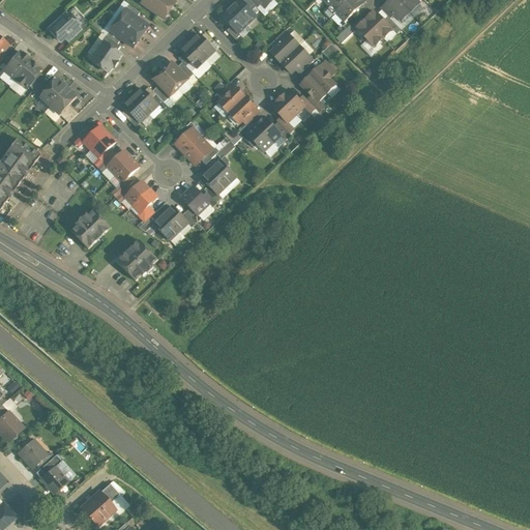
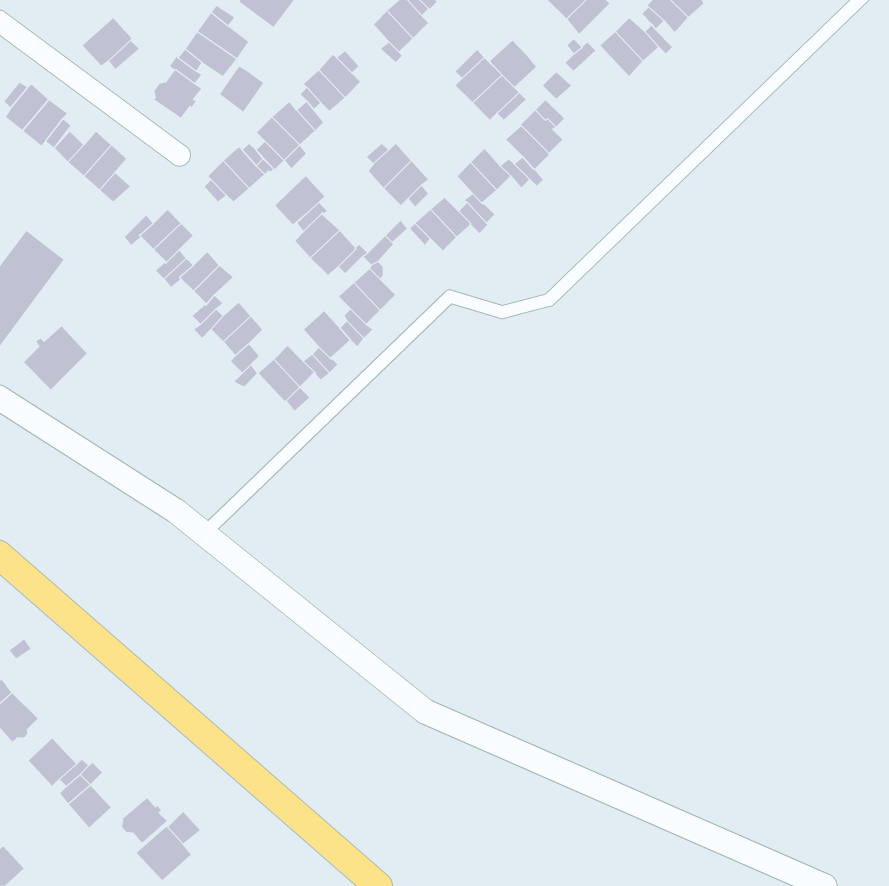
building: none -> [489,40,538,88]
building: none -> [219,65,263,113]
building: none -> [275,176,325,226]
building: [71,209,110,247] -> [23,326,88,390]
building: [116,239,157,279] -> none
building: none -> [121,797,167,843]

